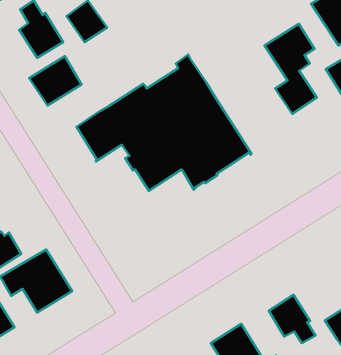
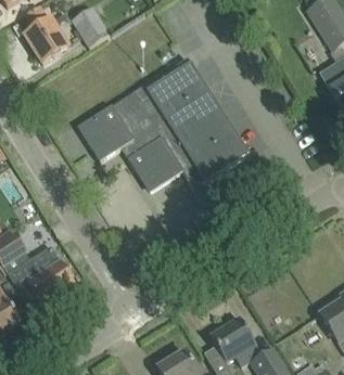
building: [265,24,317,114] -> none
building: [29,56,81,106] -> none
building: [269,295,316,343] -> none

